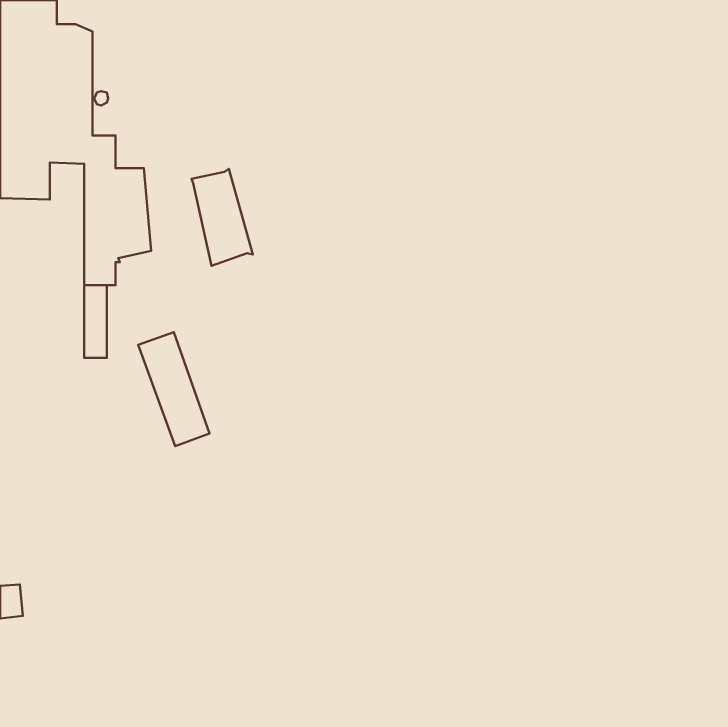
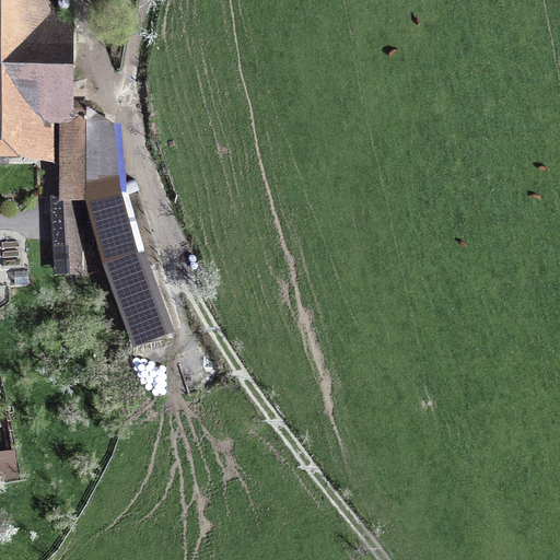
building: [192,169,253,266] -> [91,191,138,266]

